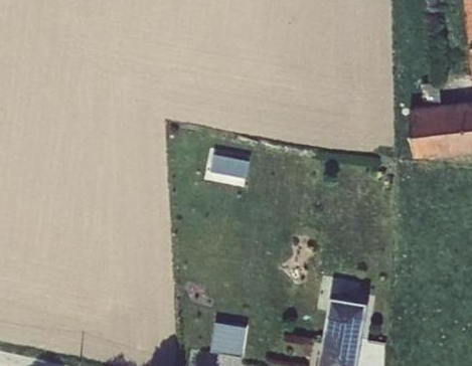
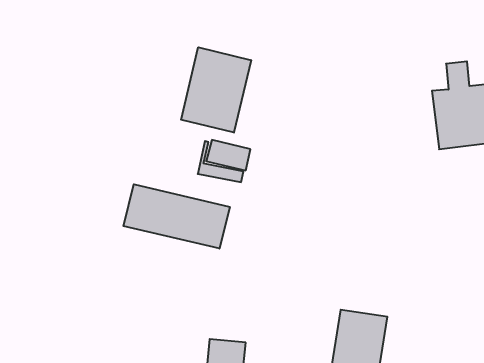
building: none -> [181,47,251,133]
building: none -> [123,184,230,249]

